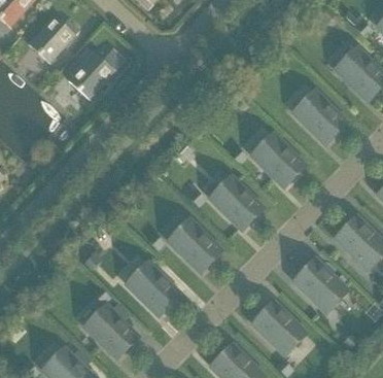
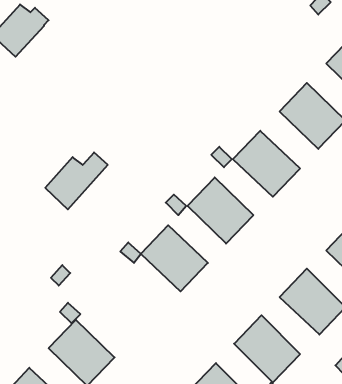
building: [69,47,126,99] -> [45,152,108,209]
building: [123,257,183,318] -> none

